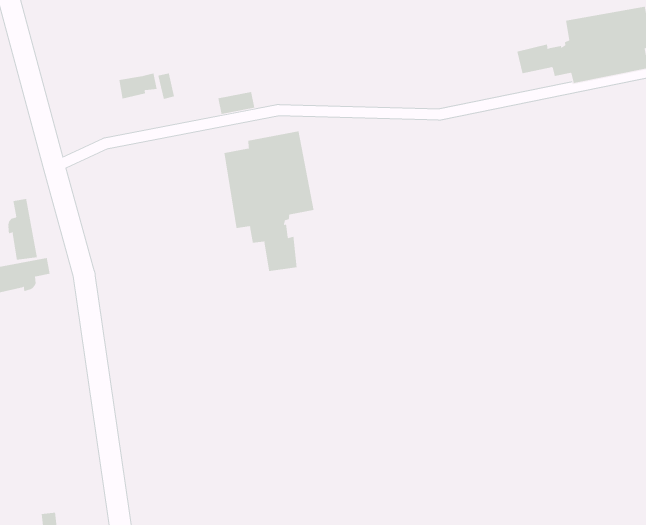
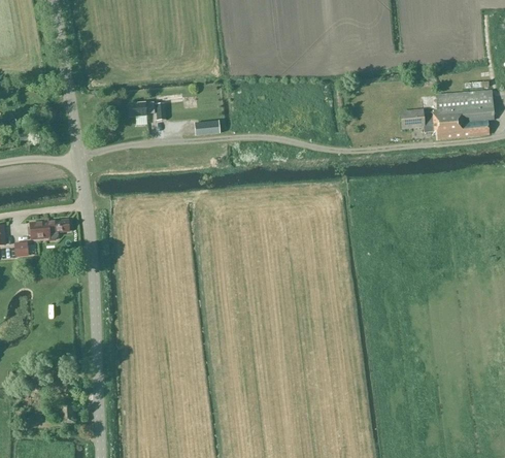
building: [224,130,314,272] -> none
building: [8,198,38,261] -> none

